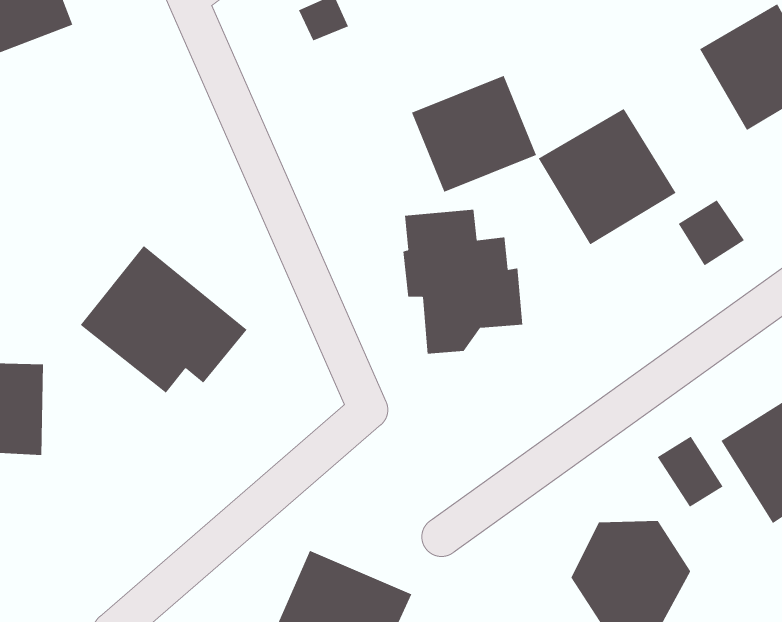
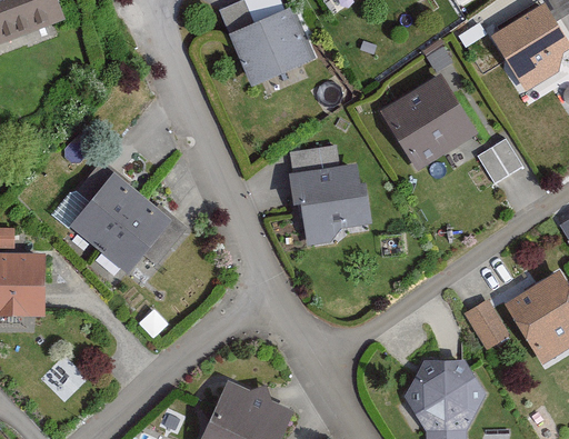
building: [411,75,537,193] -> [229,8,315,88]

